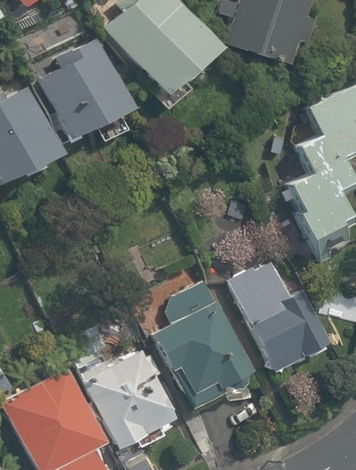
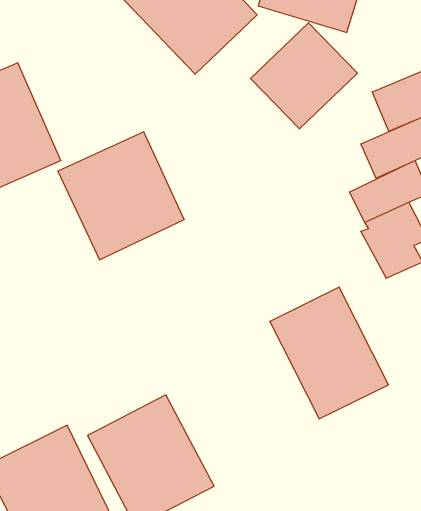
building: [33,41,134,143] -> [58,132,184,260]
building: none -> [250,23,358,129]
building: [154,283,254,406] -> none

